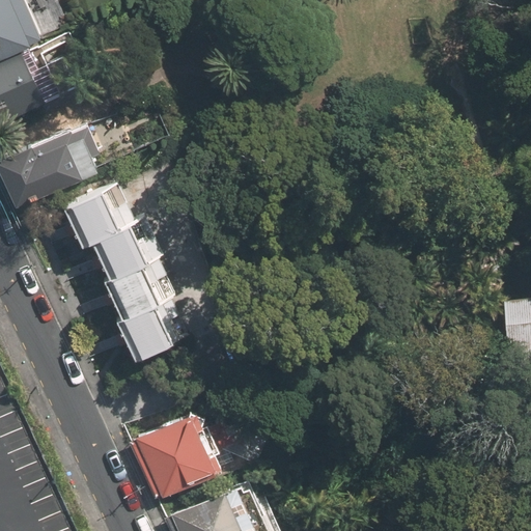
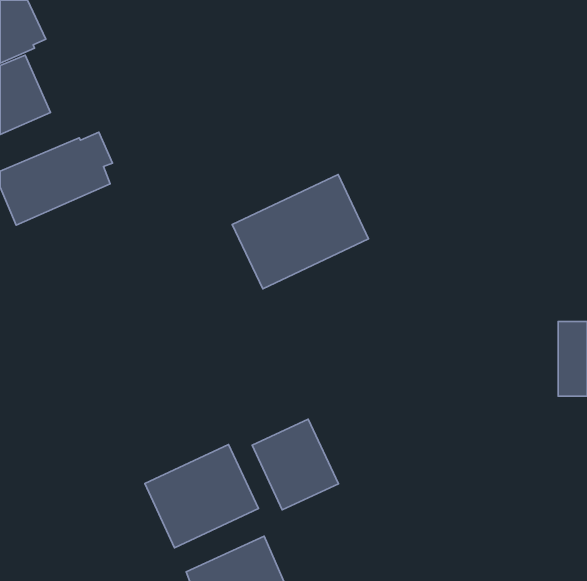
building: none -> [232,175,369,289]
building: [64,185,178,361] -> none
building: none -> [252,419,338,510]

